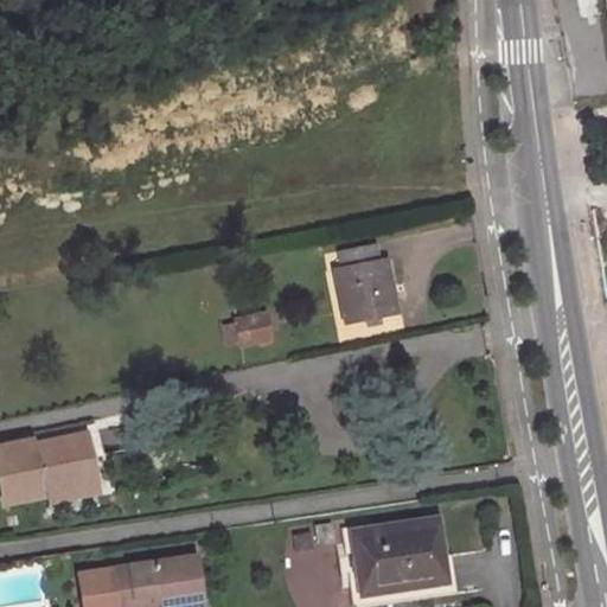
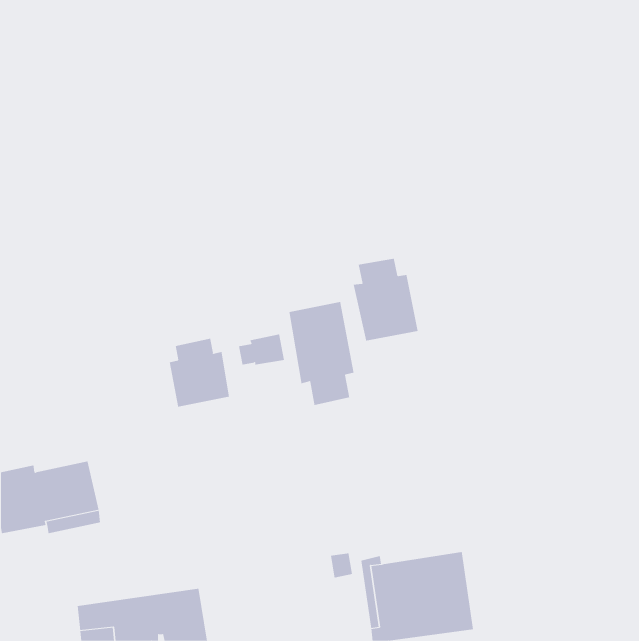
building: none -> [289,301,354,406]
building: none -> [169,338,229,408]

